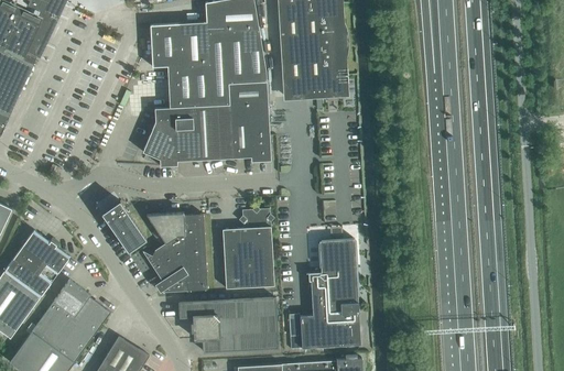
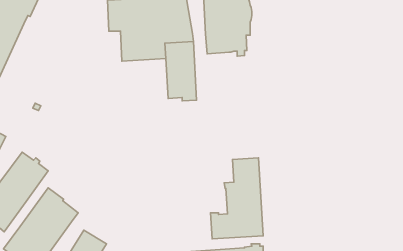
building: [142,103,232,165] -> none
building: [101,200,147,251] -> none
building: [224,205,275,288] -> none
building: [142,211,207,292] -> none
building: [180,298,279,352] -> none

